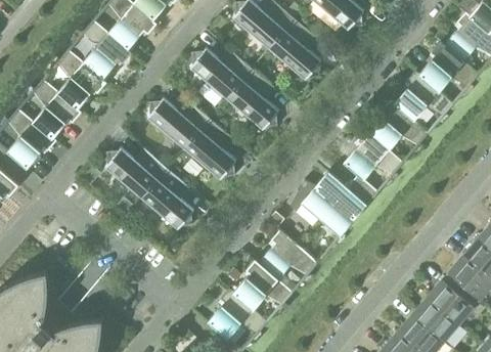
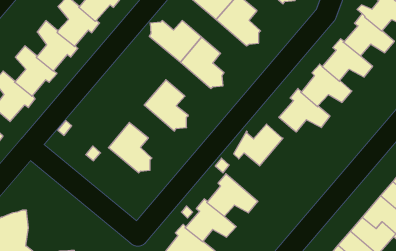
building: [146,98,209,148] -> none
building: [104,148,166,199] -> none
building: [319,175,377,236] -> none

